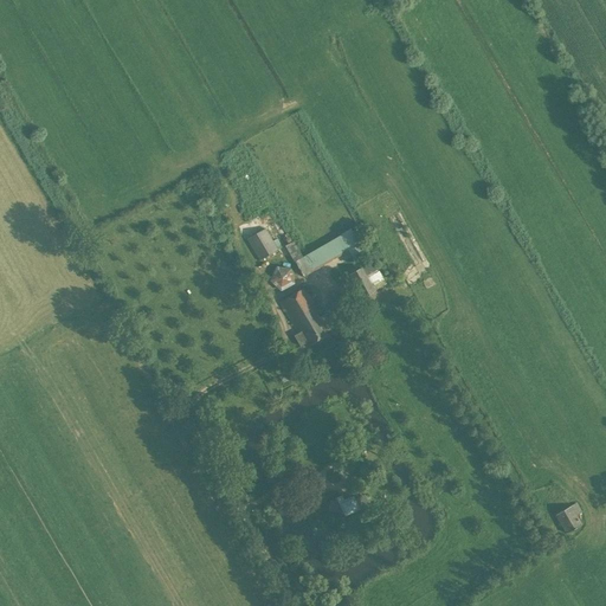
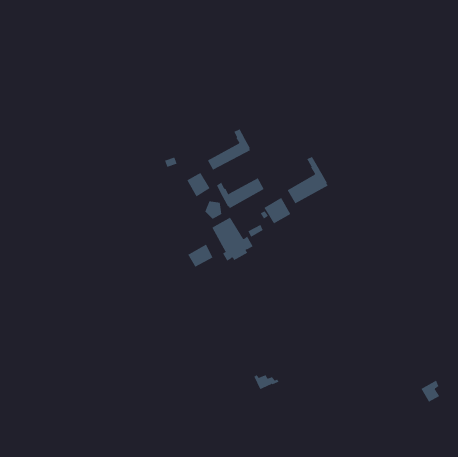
building: none -> [207,129,251,171]
building: none -> [287,156,328,204]
building: none -> [187,244,213,268]

